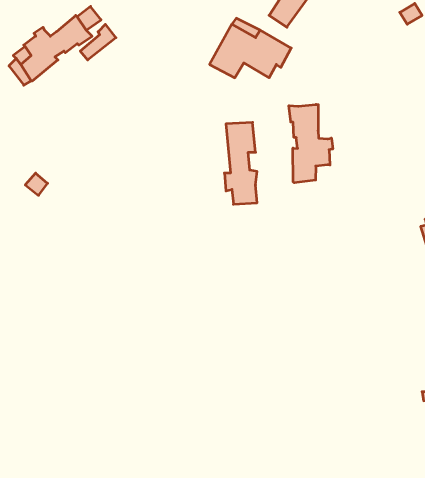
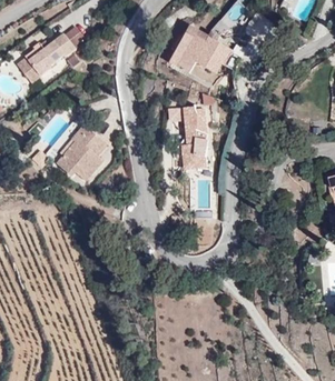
building: [289,104,333,183] -> none
building: none -> [57,120,108,177]

